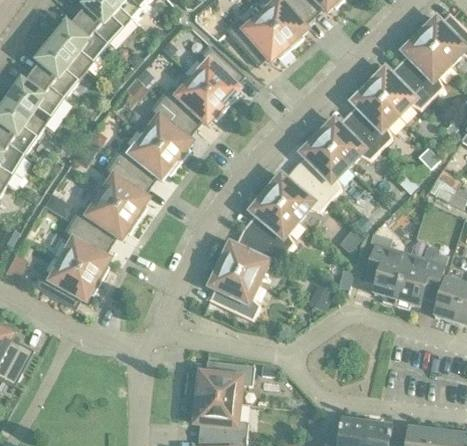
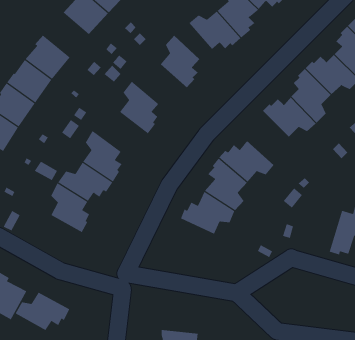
building: [52,16,107,70] -> none
building: [158,78,224,126] -> none
building: [296,134,346,199] -> none
building: [111,135,178,183] -> none
building: [363,235,409,303] -> none
building: [33,259,99,306] -> [15,292,70,331]
building: [209,263,259,320] -> none
building: [193,360,253,401] -> none

